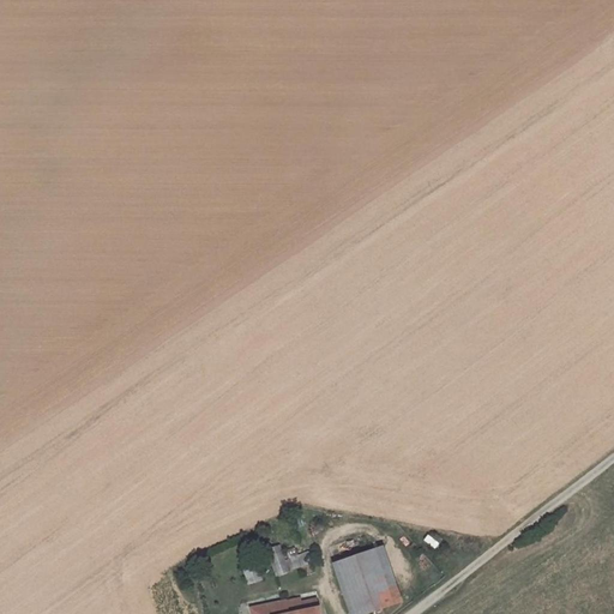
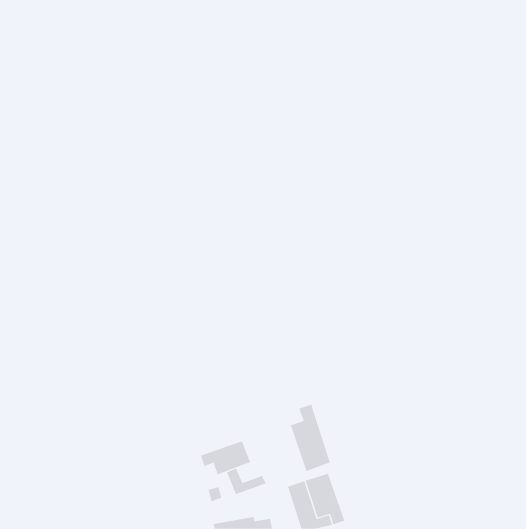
building: none -> [290,404,330,472]
building: none -> [200,440,251,475]

